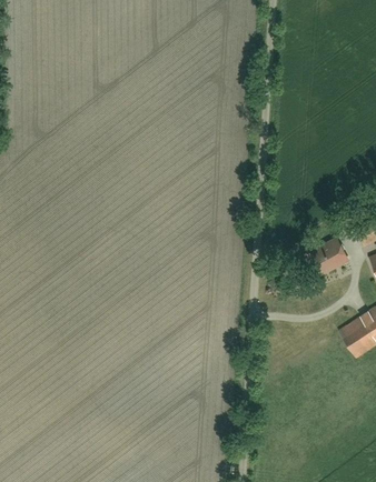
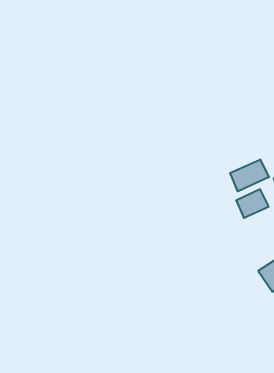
building: none -> [230,159,269,191]

